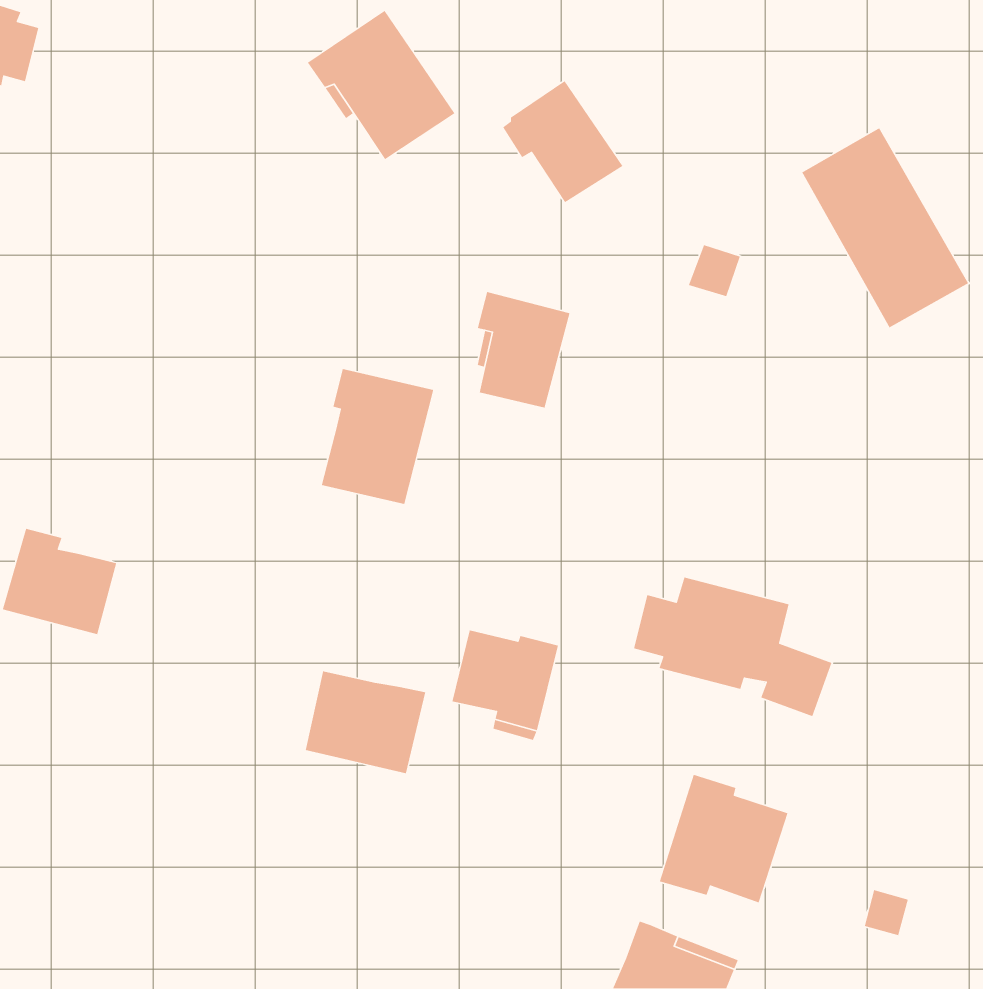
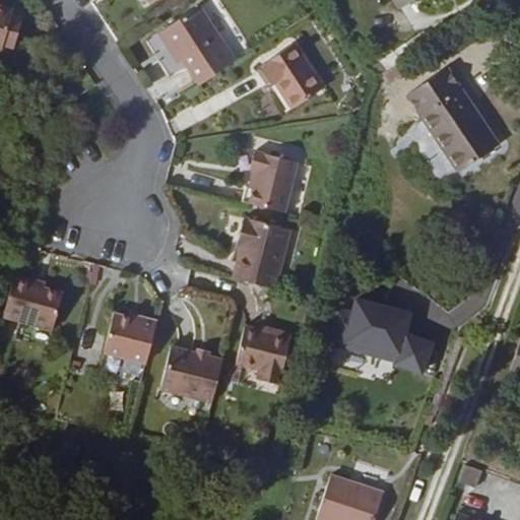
building: [321,368,434,505] -> [232,218,290,289]
building: none -> [98,315,154,383]
building: [659,774,788,904] -> none

